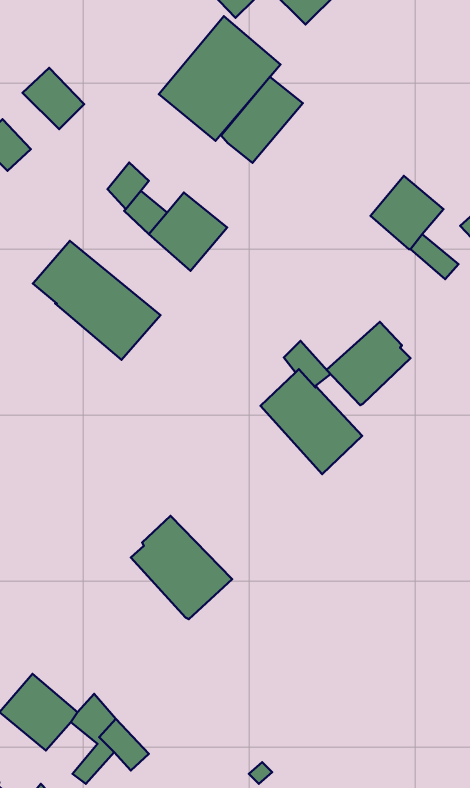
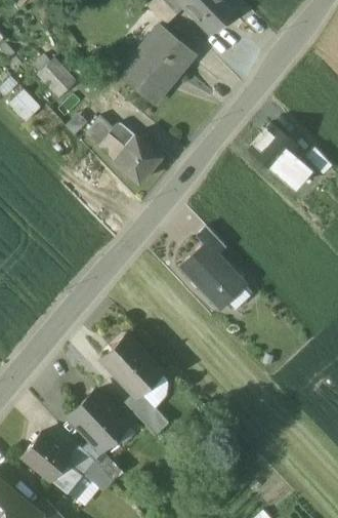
building: [221,77,303,163] -> none
building: [33,241,160,360] -> none
building: [327,322,411,405] -> none
building: none -> [71,390,128,447]
building: none -> [129,396,170,433]
building: none -> [51,461,83,492]

